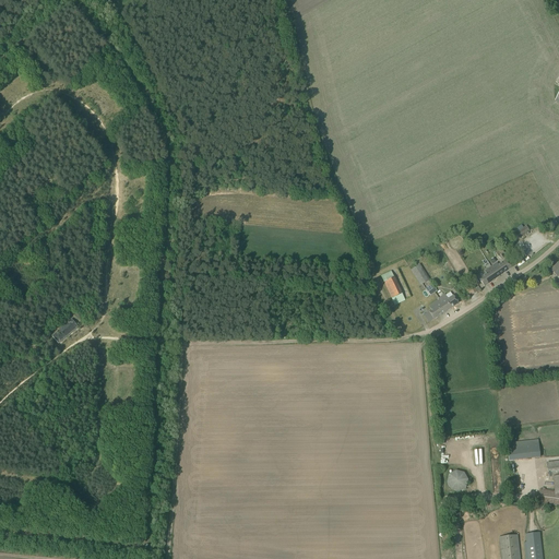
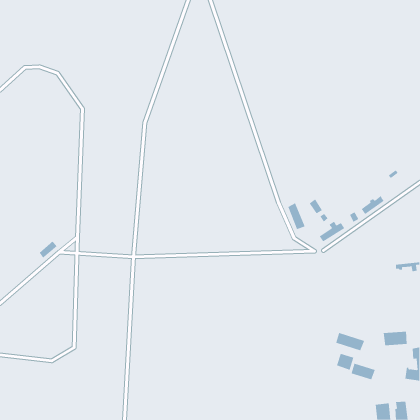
building: none -> [335,332,365,351]
building: none -> [351,363,375,380]

